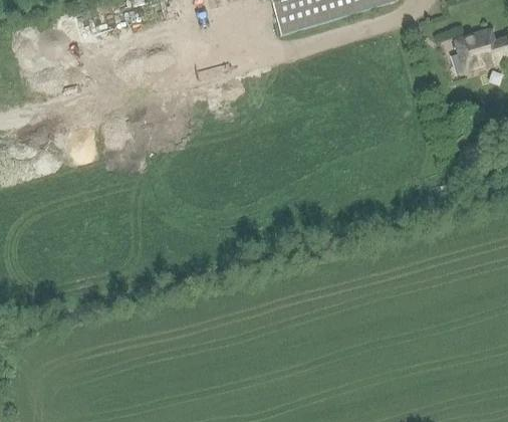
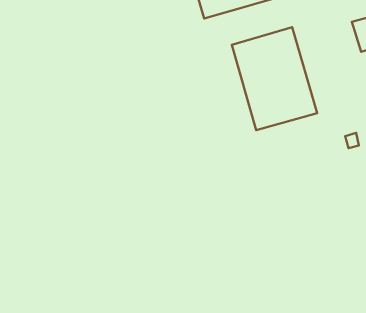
building: none -> [232,27,317,130]

